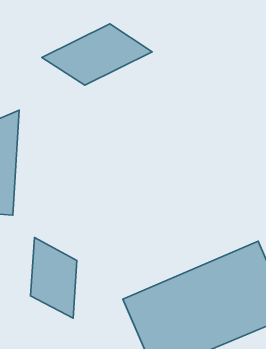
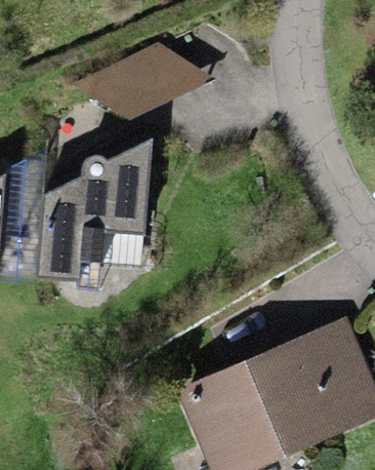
building: none -> [36,140,151,288]
building: [31,238,77,318] -> none

